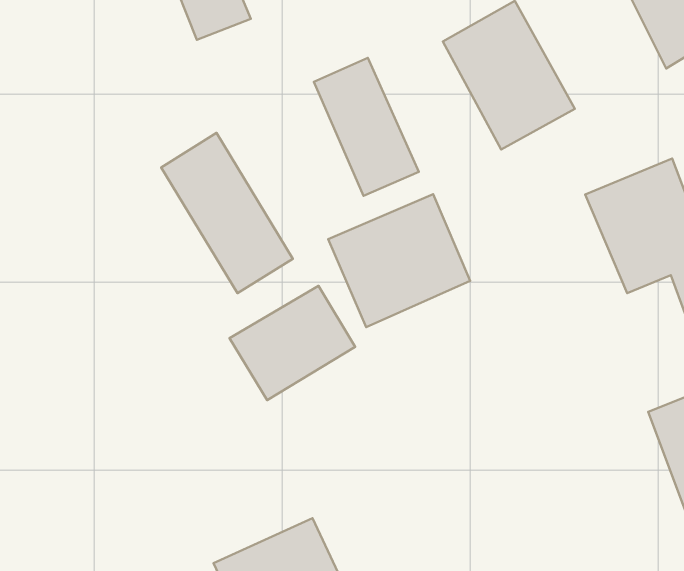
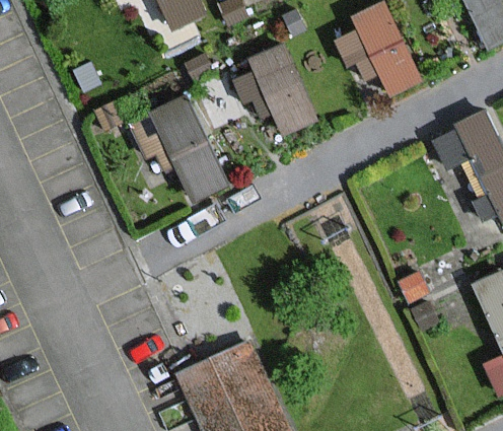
building: [328,194,470,327] -> none
building: [229,286,355,400] -> none

